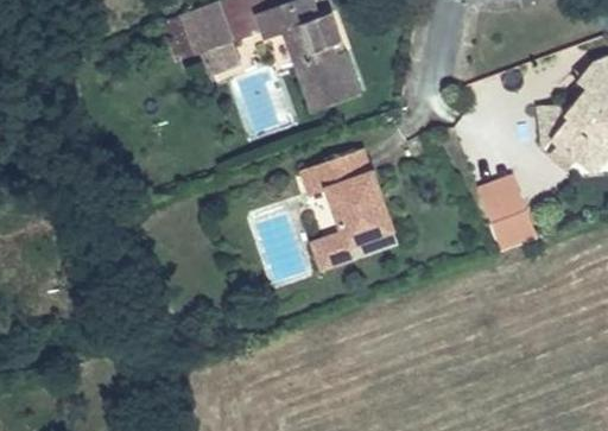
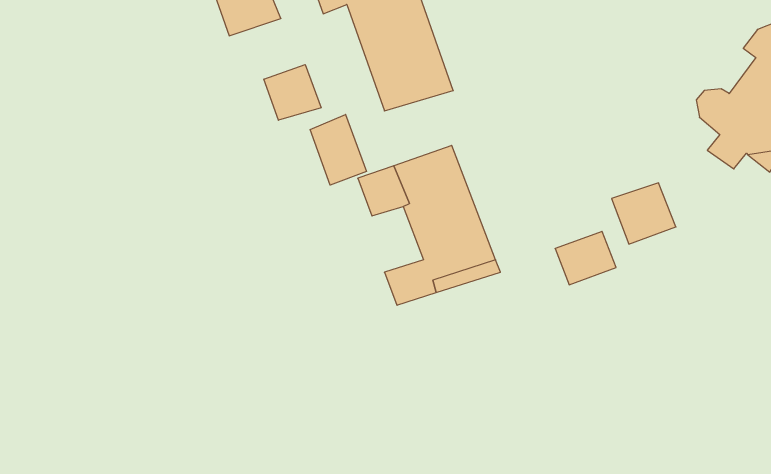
building: none -> [264,65,321,120]
building: none -> [310,114,366,185]
building: [494,204,540,245] -> [555,231,616,285]

